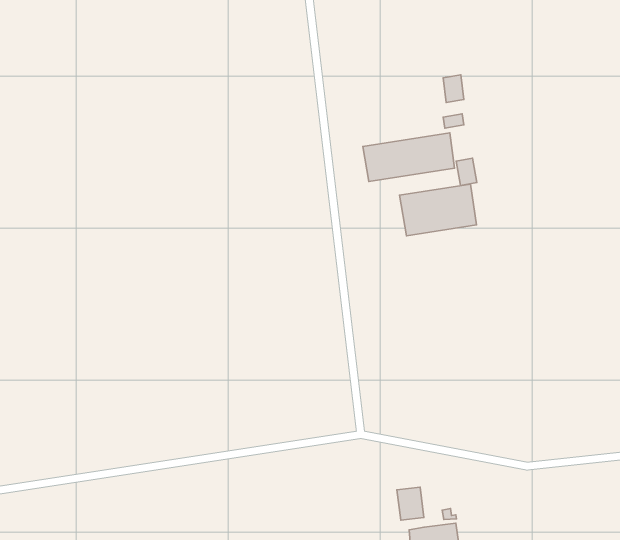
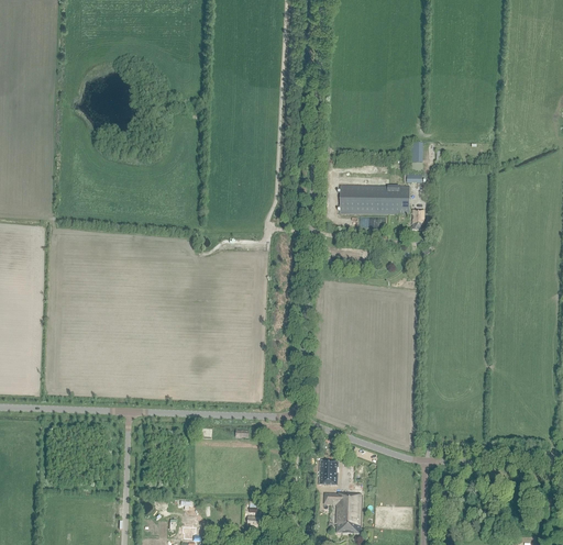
building: [400,184,476,236] -> none

